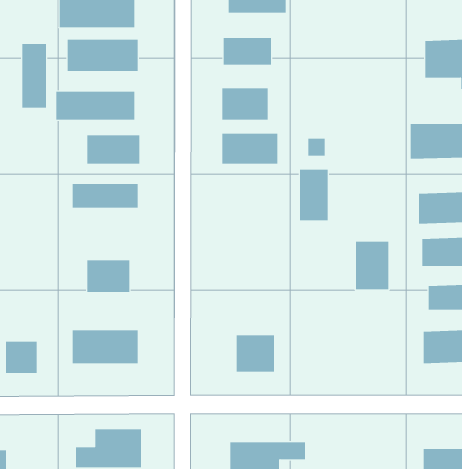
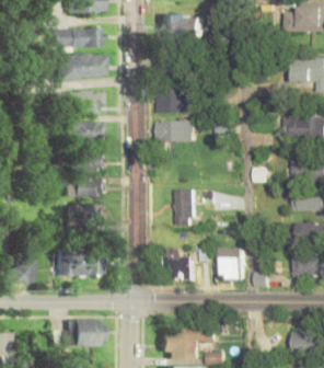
building: [22,43,47,109] -> none
building: [299,169,329,221] -> [175,189,195,225]
building: none -> [67,180,103,196]
building: [355,241,389,290] -> [220,249,243,281]

